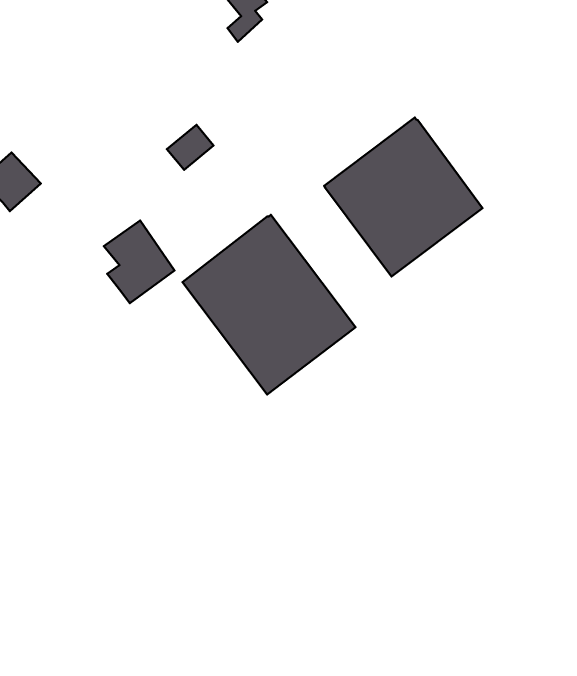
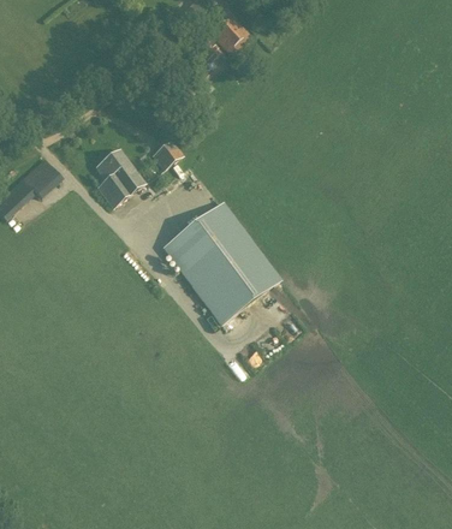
building: [324,117,482,277] -> none
building: [104,220,175,303] -> [94,148,143,206]

